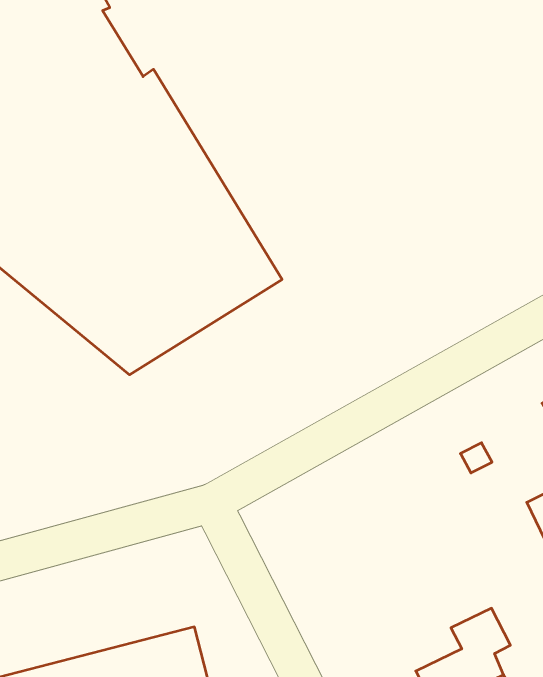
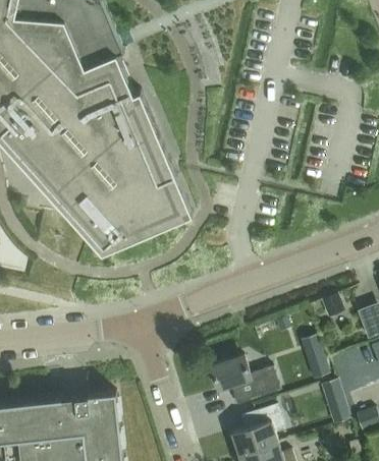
building: none -> [210,358,280,406]

